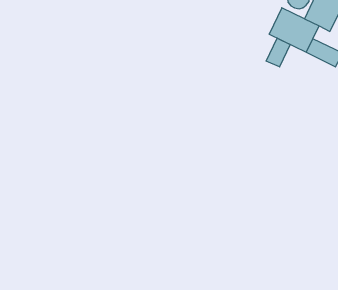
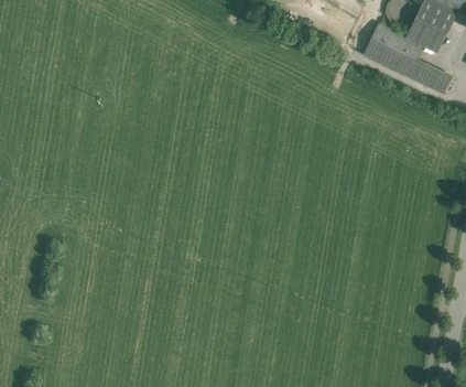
building: [266,38,290,67] -> none

